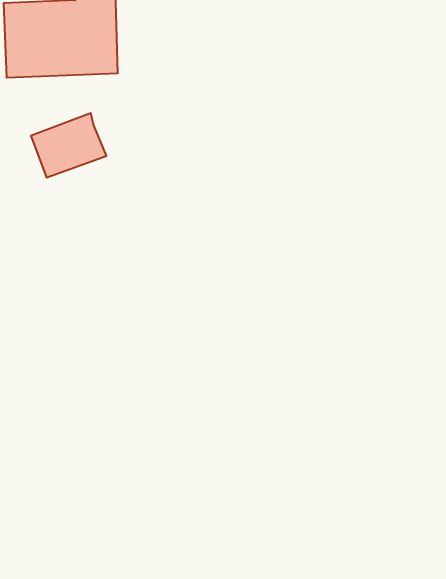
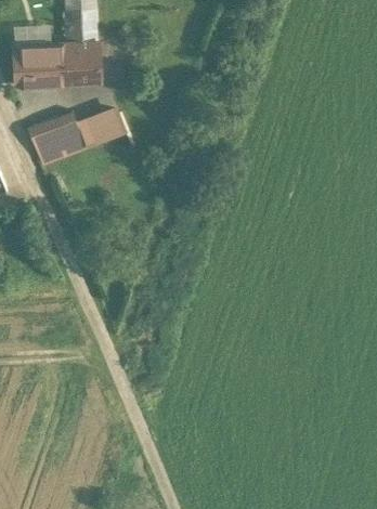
building: none -> [78,112,122,148]

